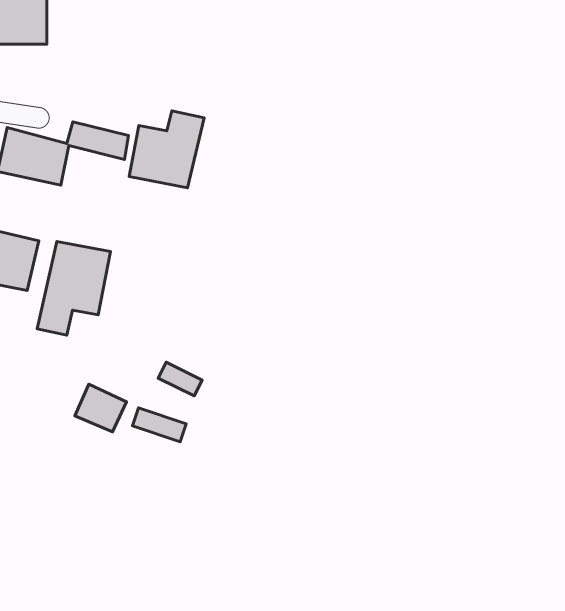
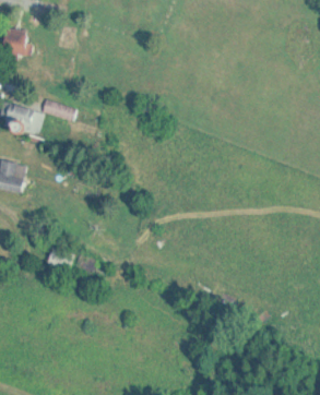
building: [129,111,204,188] -> none
building: [37,242,110,335] -> none

